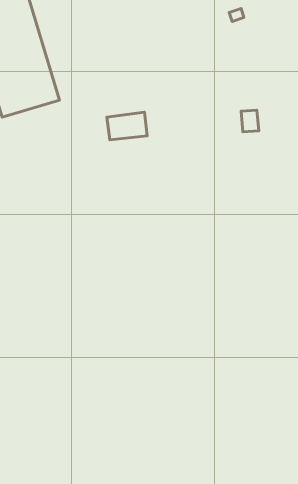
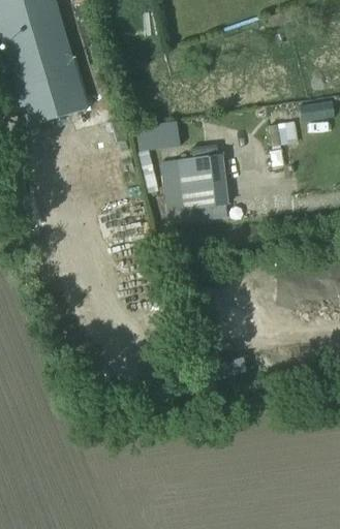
building: none -> [300,98,333,120]
building: none -> [162,155,230,223]

